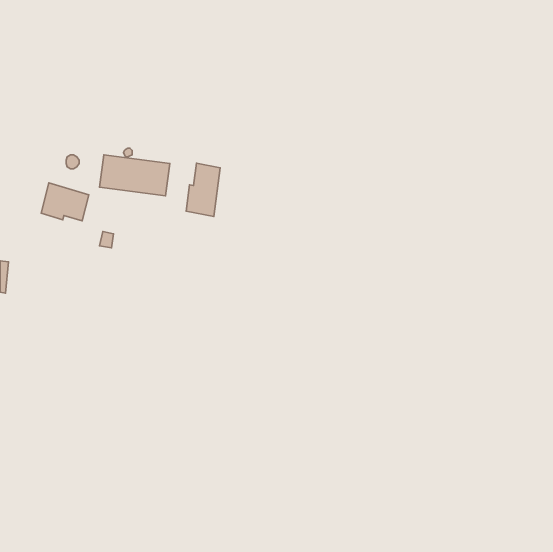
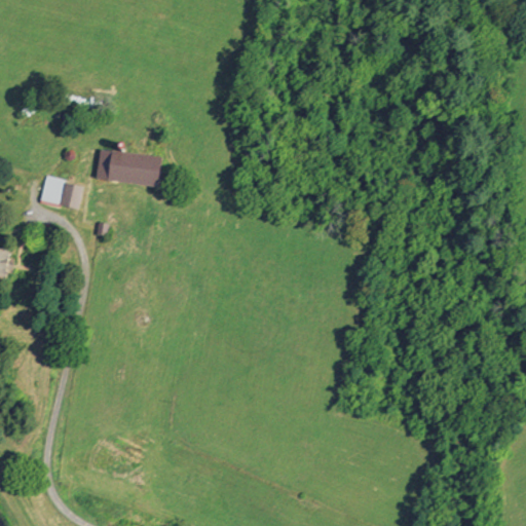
building: [186,163,220,216] -> none

